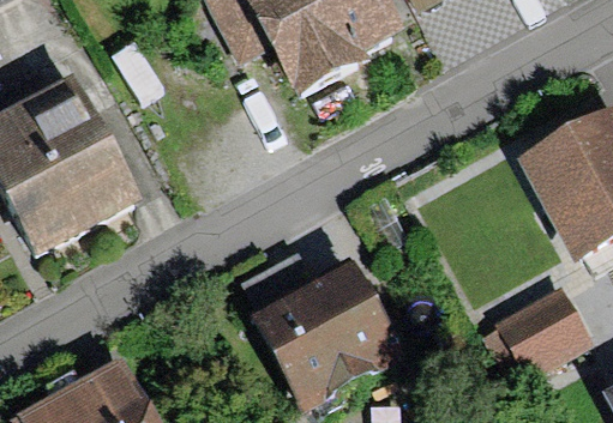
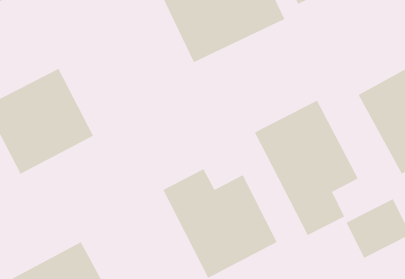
building: none -> [254,100,358,236]

